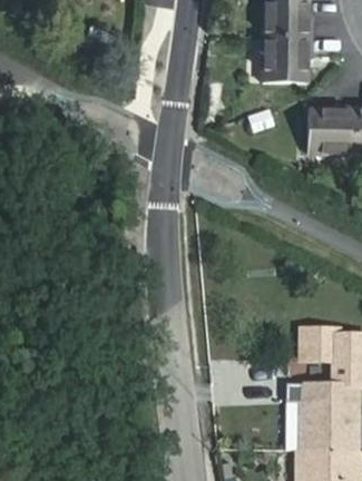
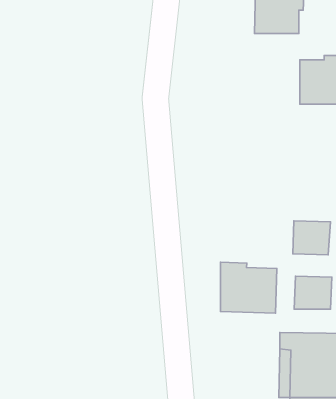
building: none -> [293,221,330,255]
building: none -> [220,262,277,313]

